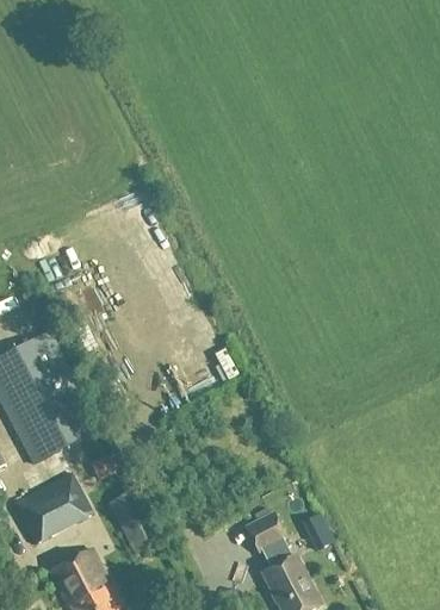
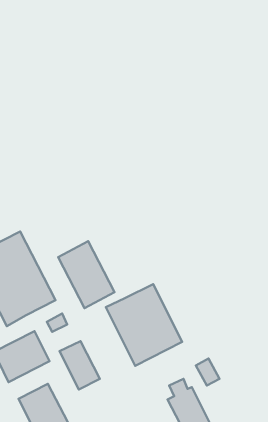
building: none -> [58,241,115,308]
building: none -> [106,284,182,366]
building: [247,512,287,552] -> none

